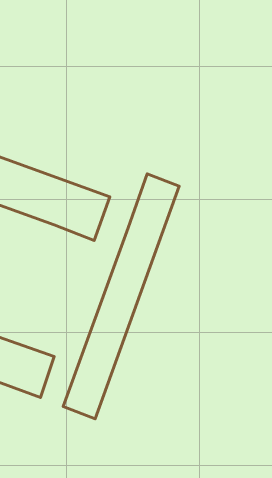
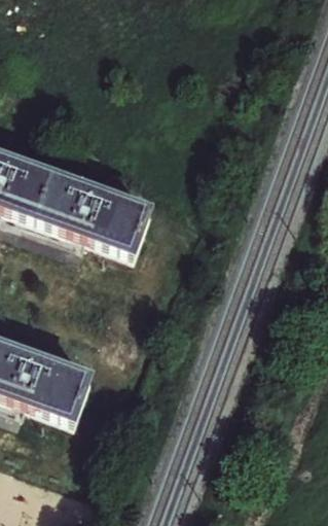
building: [63,174,179,419] -> none

